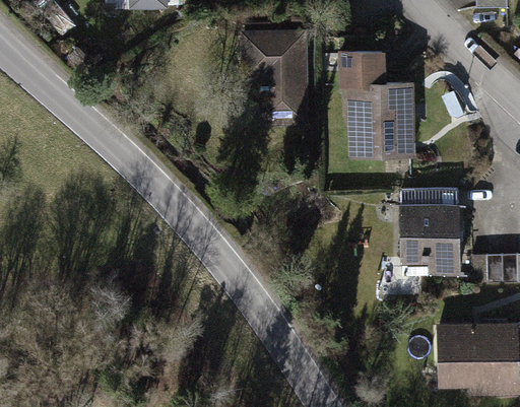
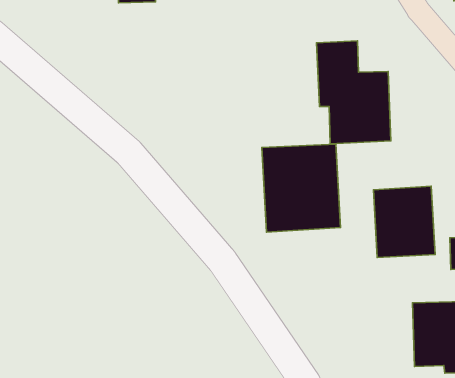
building: [244,30,308,124] -> none
building: none -> [262,144,341,232]

